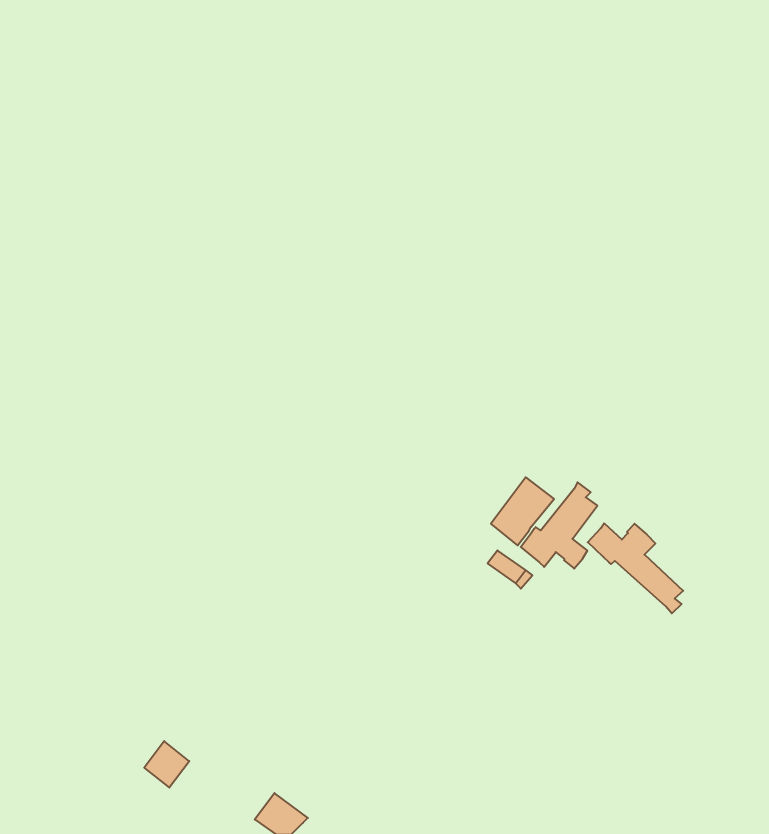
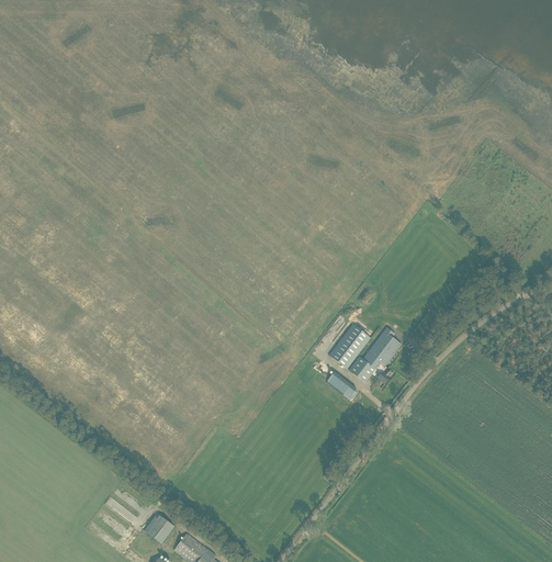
building: [588,523,683,613] -> none
building: [144,741,189,788] -> [144,513,173,543]

